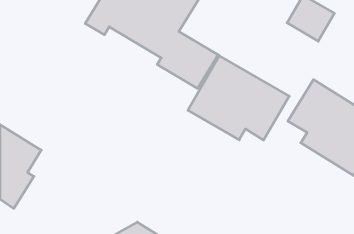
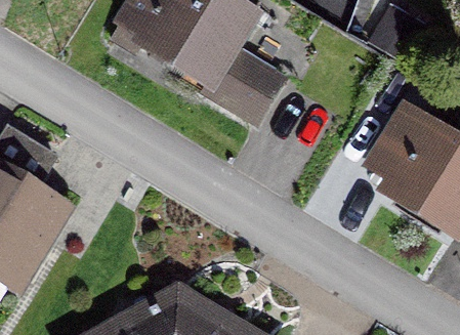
building: [188,56,289,140] -> none

